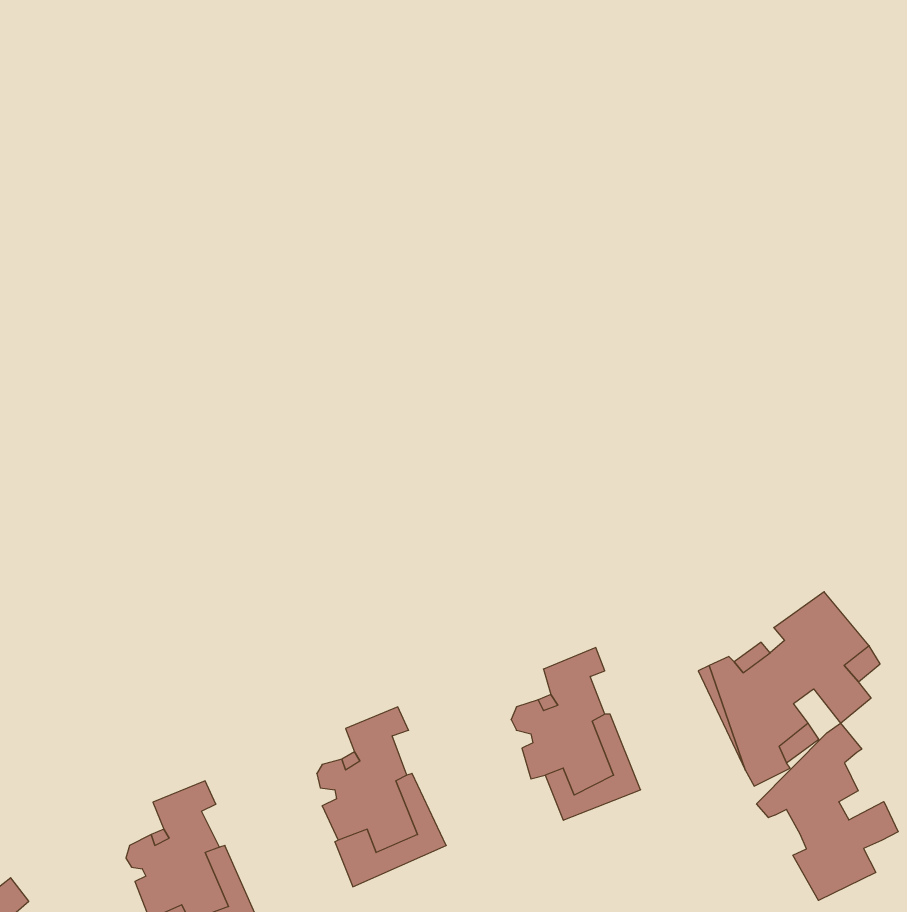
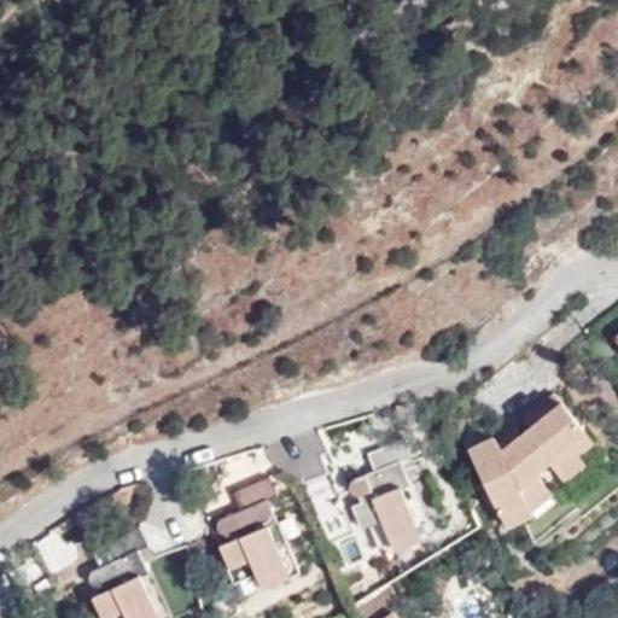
building: [757,723,898,900] -> none

